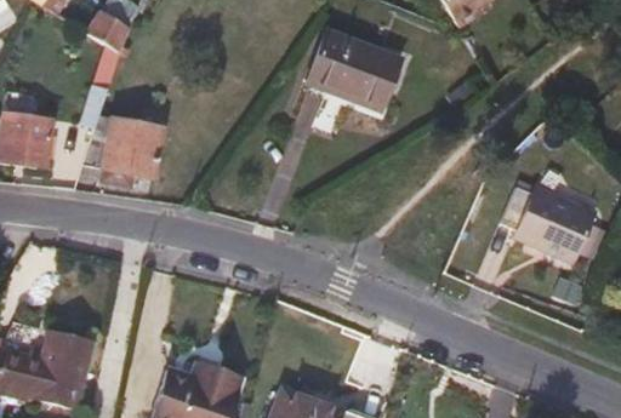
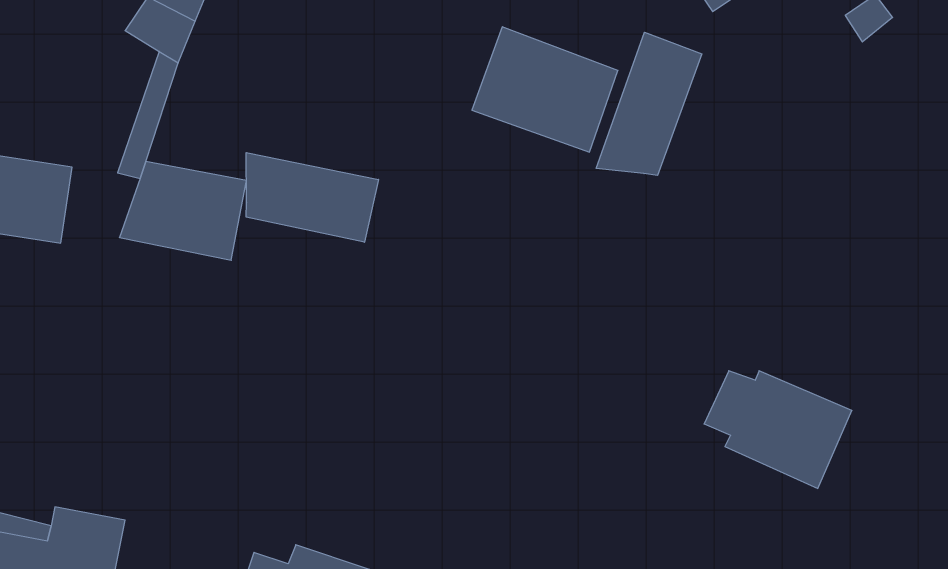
building: none -> [596,32,702,175]
building: none -> [246,153,378,242]
building: [502,188,597,263] -> [704,371,852,488]

